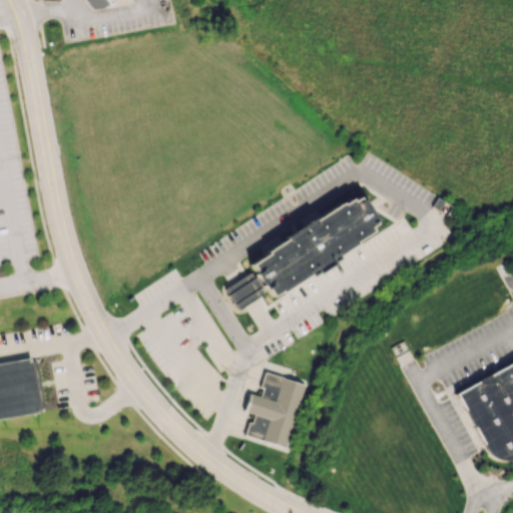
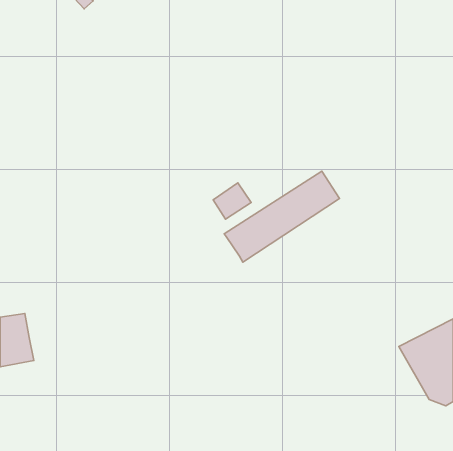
building: [227,268,271,309] -> [213,183,251,219]
building: [244,369,309,447] -> none

